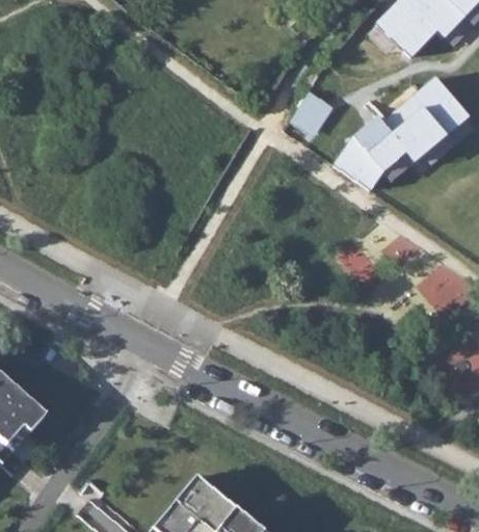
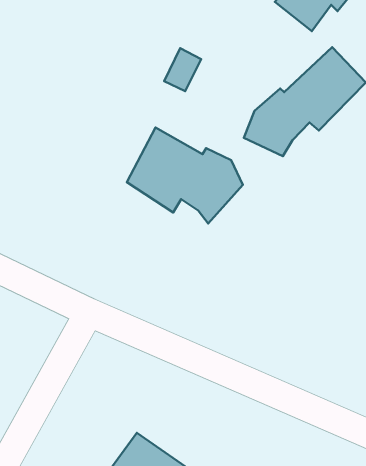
building: [290,91,331,138] -> [164,48,201,91]
building: none -> [127,128,243,224]

